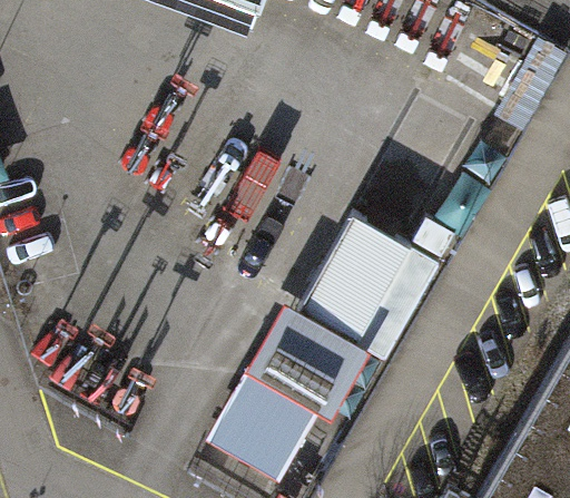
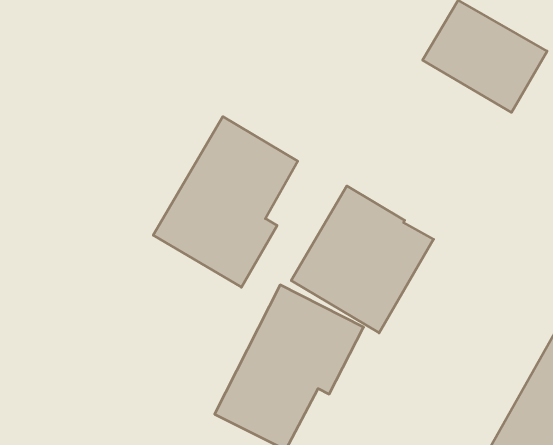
building: none -> [153,117,298,287]

